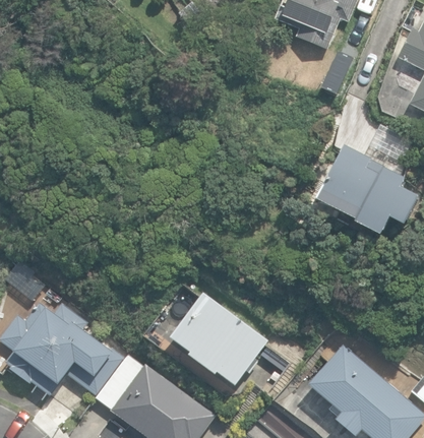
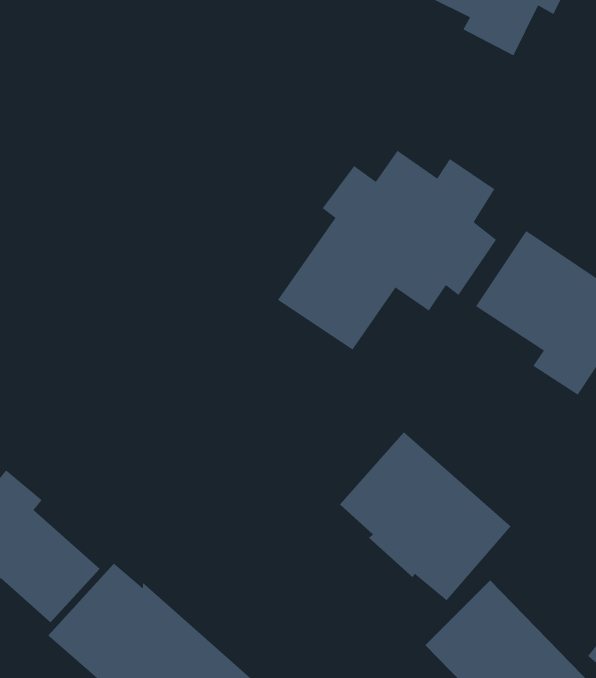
building: none -> [277,150,497,351]
building: [170,293,268,386] -> [339,431,512,601]

